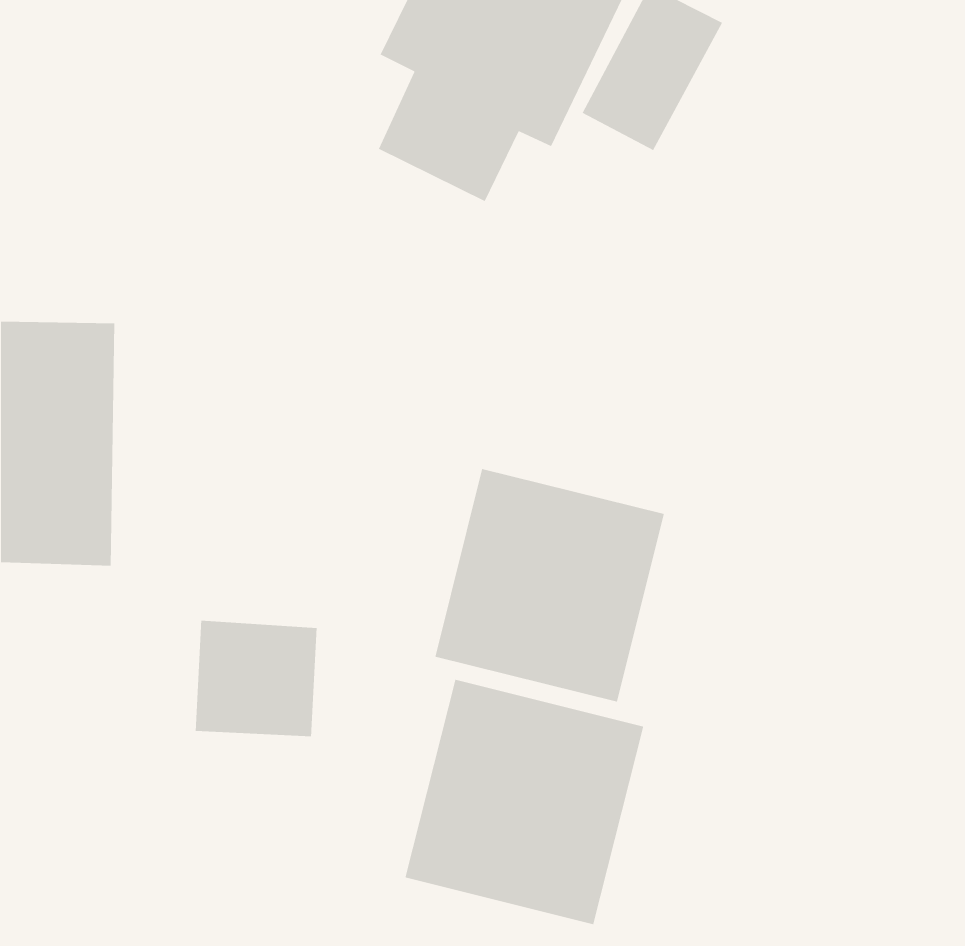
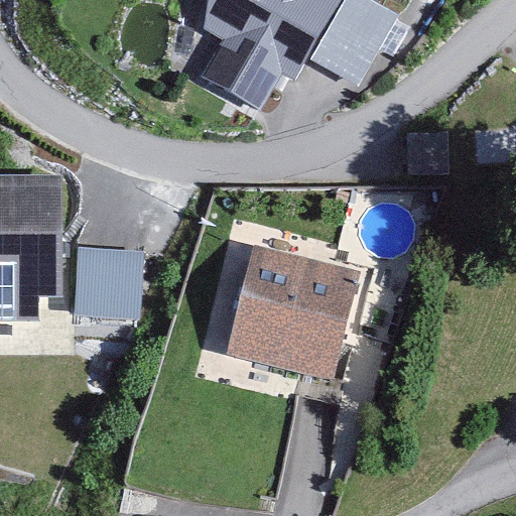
building: [195,620,317,737] -> [73,251,138,313]
building: [405,679,644,925] -> none

